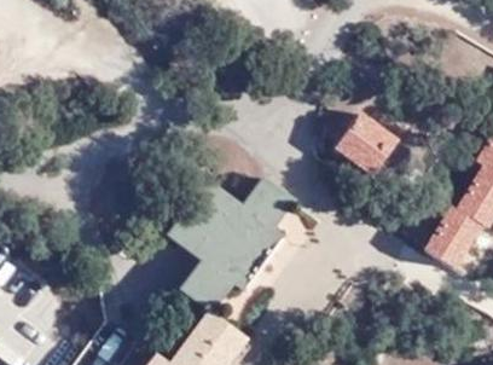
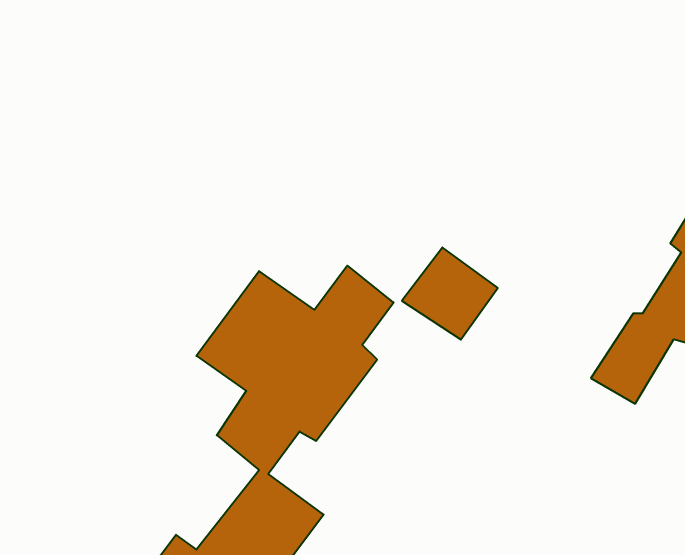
building: [337,112,400,173] -> [402,247,498,340]

